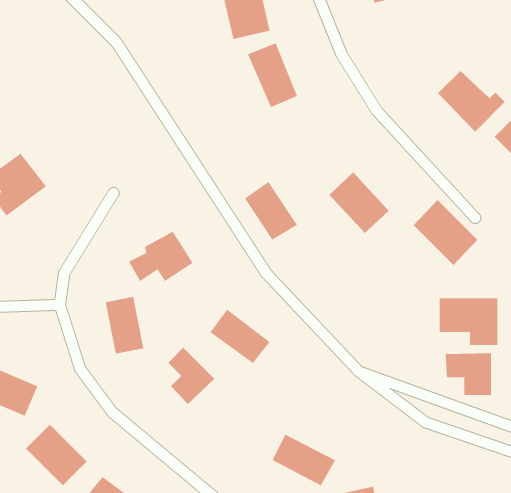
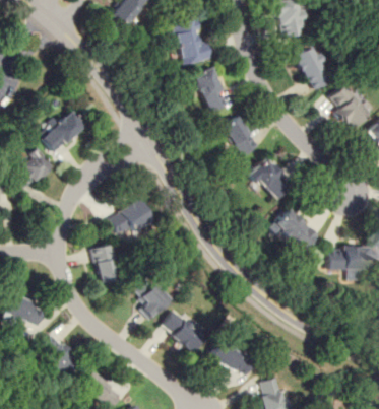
building: none -> [293,45,332,92]
building: none -> [43,111,87,153]
building: [244,181,298,241] -> [223,115,260,156]
building: [413,199,478,266] -> [273,208,319,255]
building: [210,309,271,364] -> [163,313,205,351]
building: [445,353,491,396] -> none

